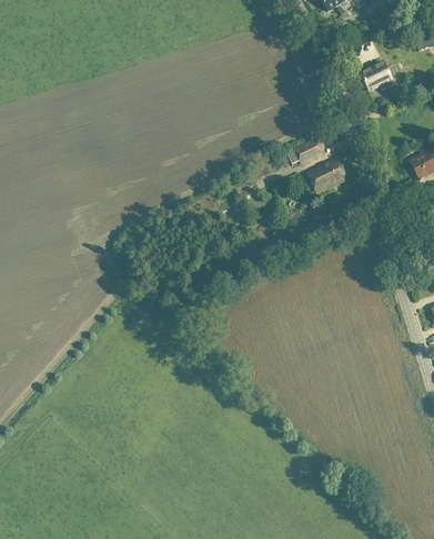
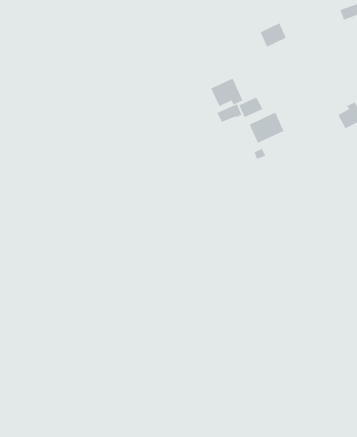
building: [361,61,392,90] -> [260,23,287,47]
building: none -> [210,78,243,107]

